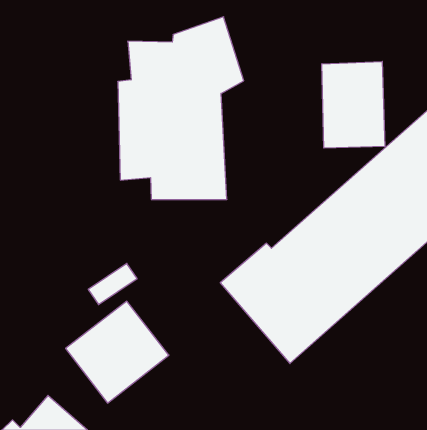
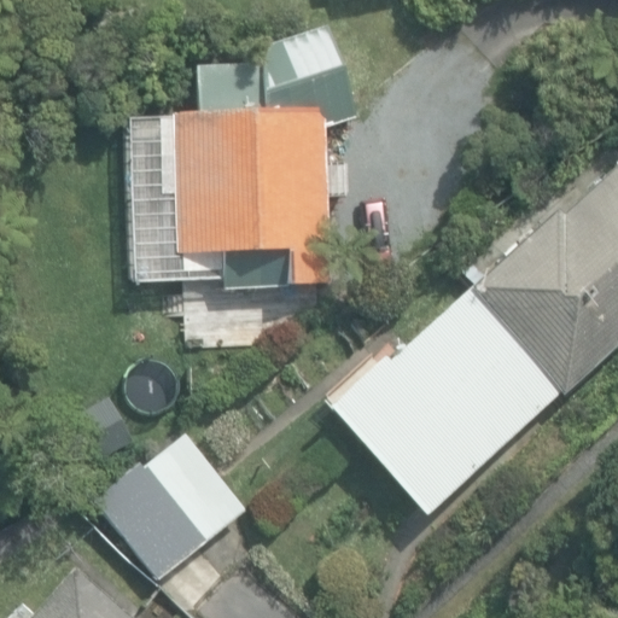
building: [322,61,385,148] -> none

